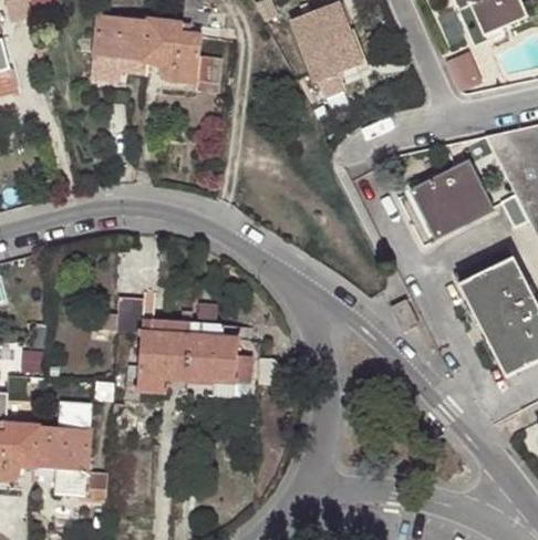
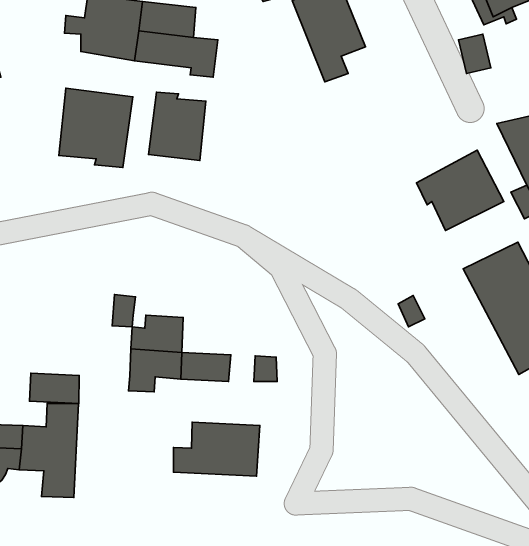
building: none -> [59,88,133,167]
building: none -> [148,92,206,160]
building: [188,304,236,356] -> none
building: none -> [29,373,79,404]
building: none -> [173,422,260,476]

